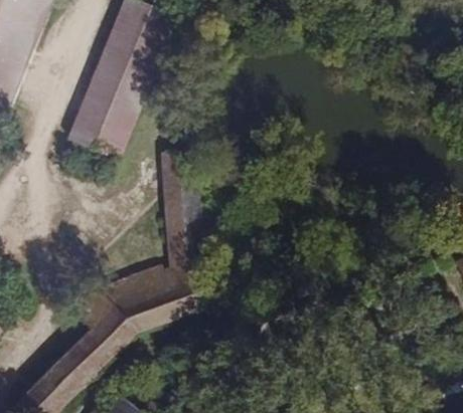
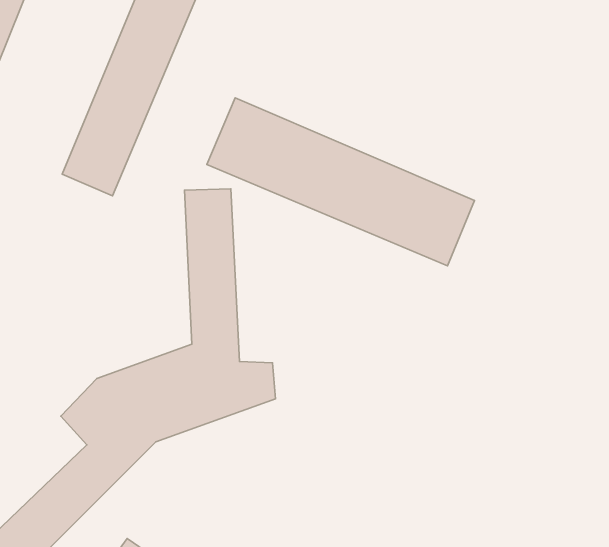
building: none -> [207,98,475,266]

